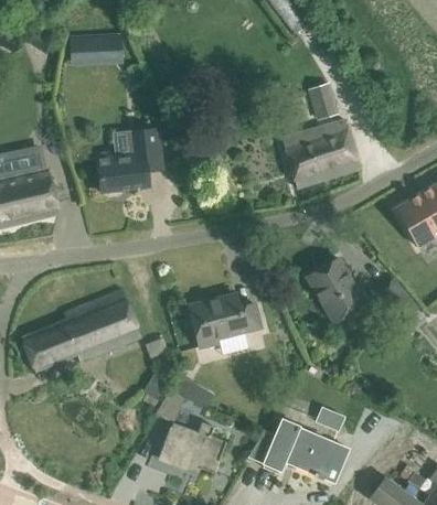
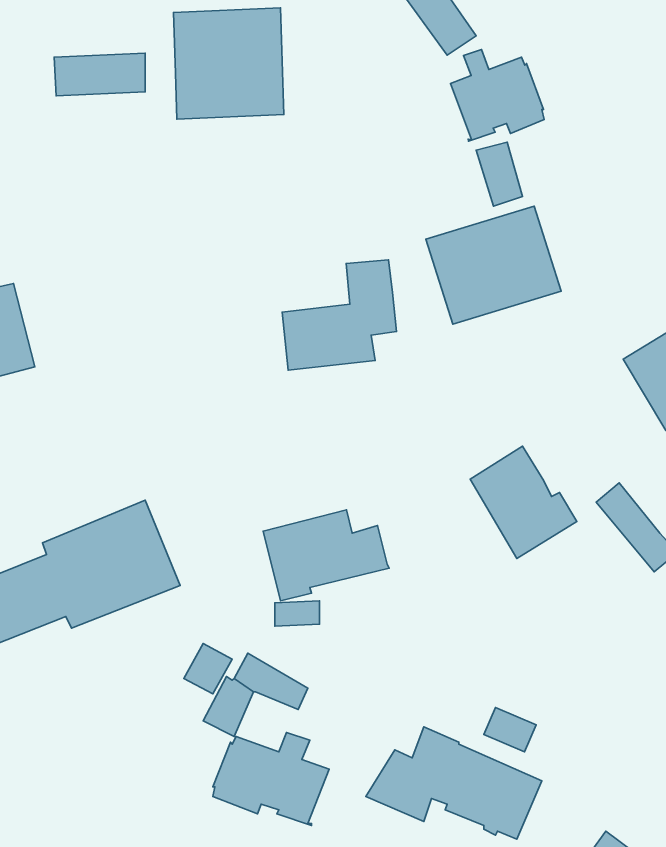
building: none -> [174,8,284,119]
building: none -> [451,49,544,141]
building: [96,129,161,192] -> [282,260,396,370]

